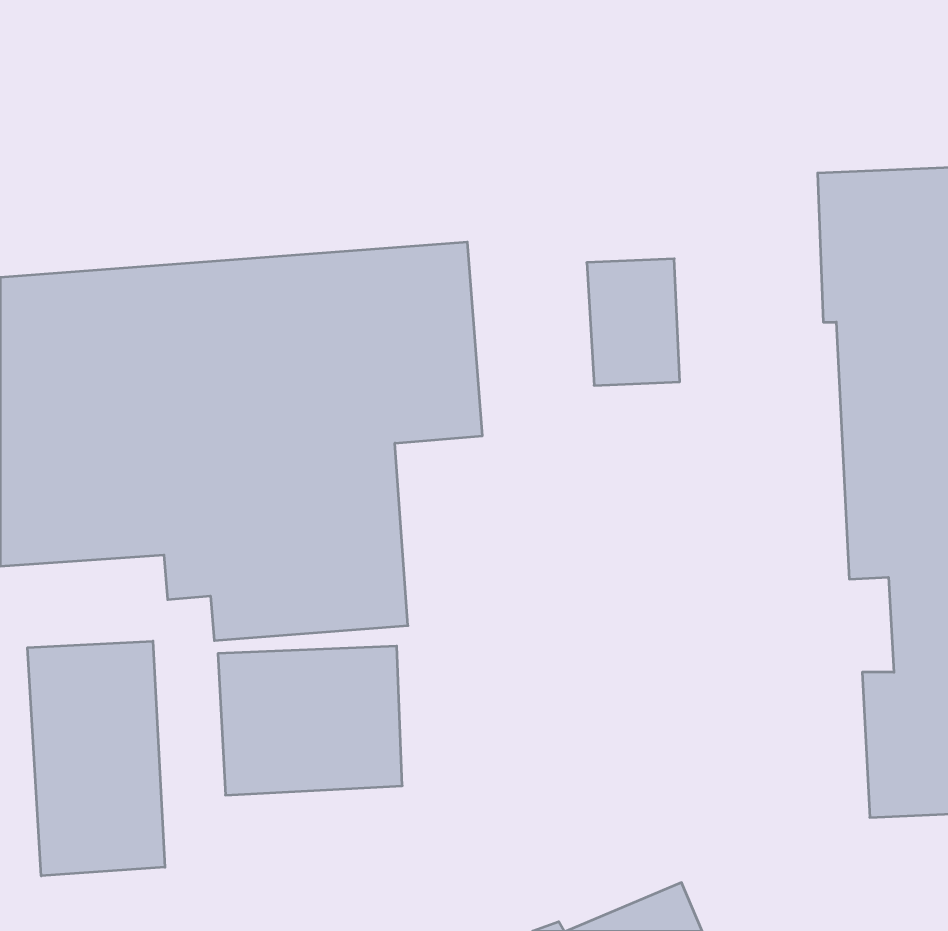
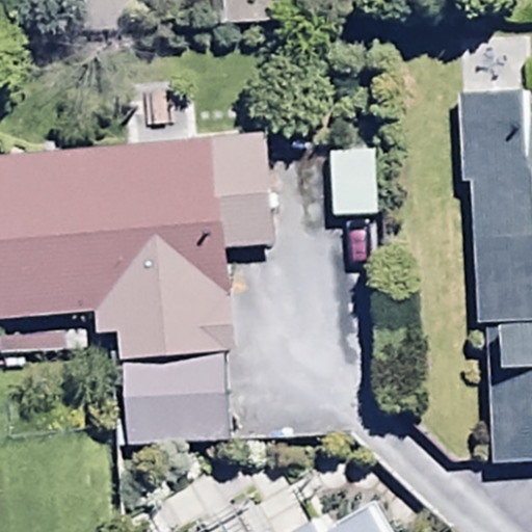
building: [28,641,165,876] -> none

